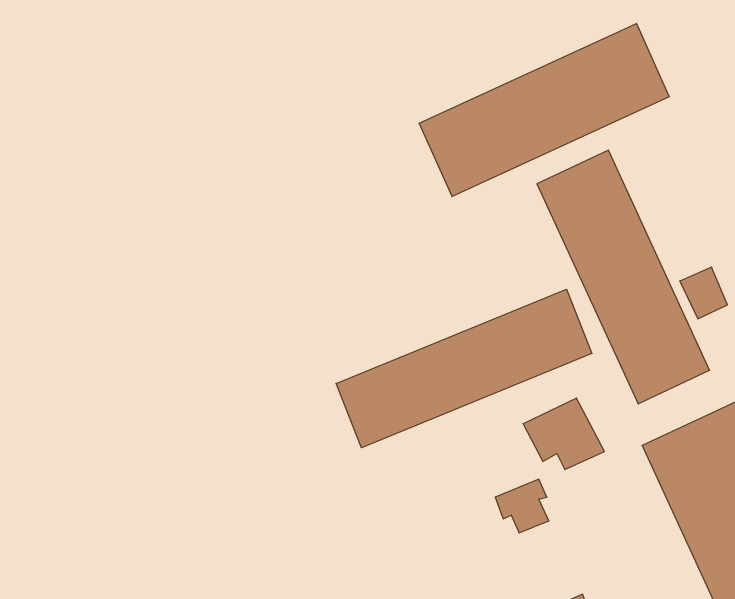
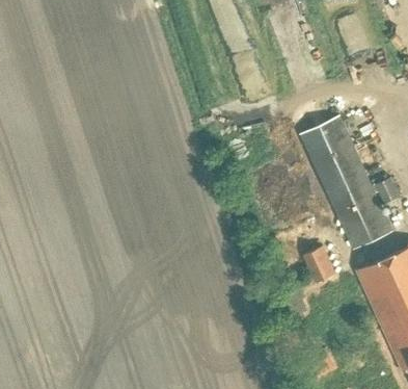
building: [419,23,669,197] -> none
building: [336,289,592,448] -> none

